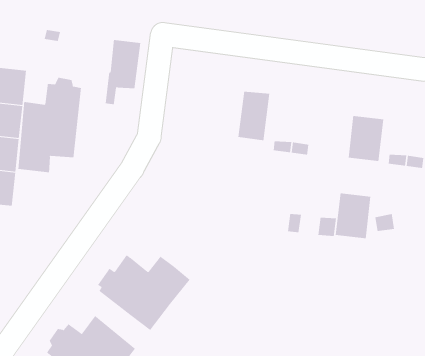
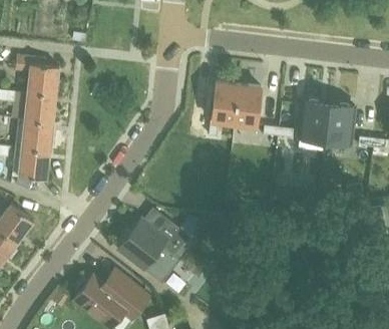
building: [105,39,141,105] -> [208,80,238,134]
building: [18,77,82,173] -> none
building: [335,193,371,239] -> [298,100,328,138]

